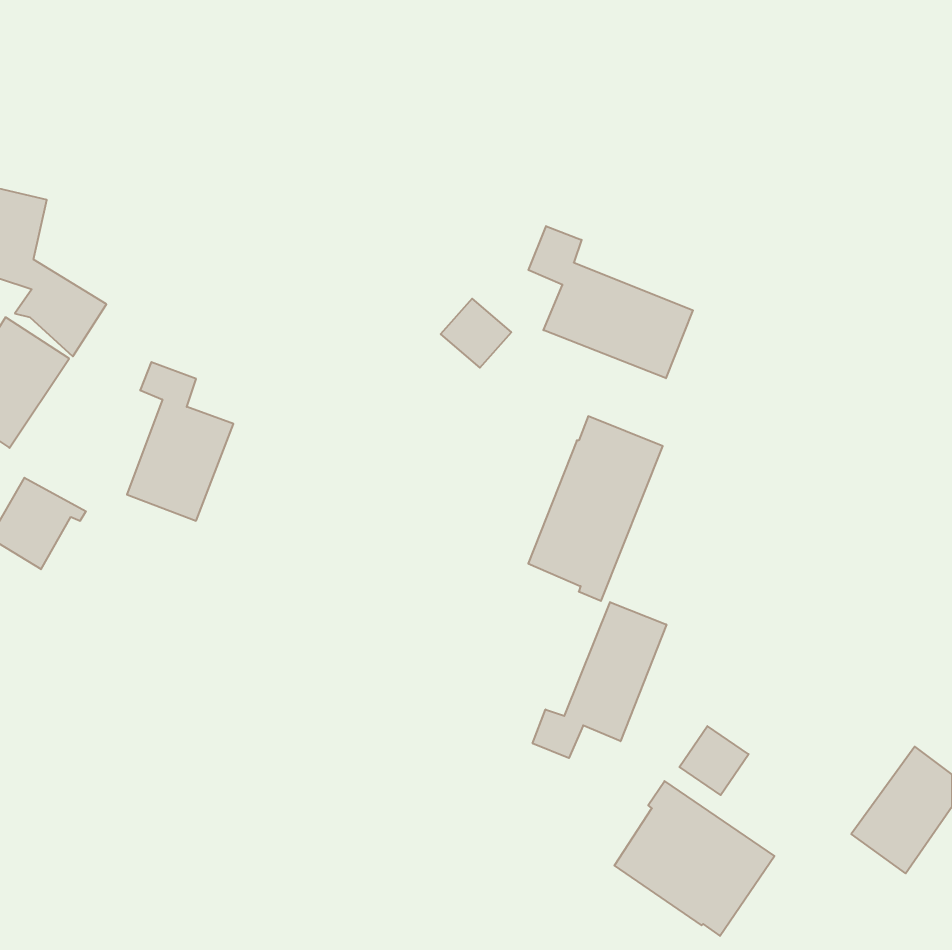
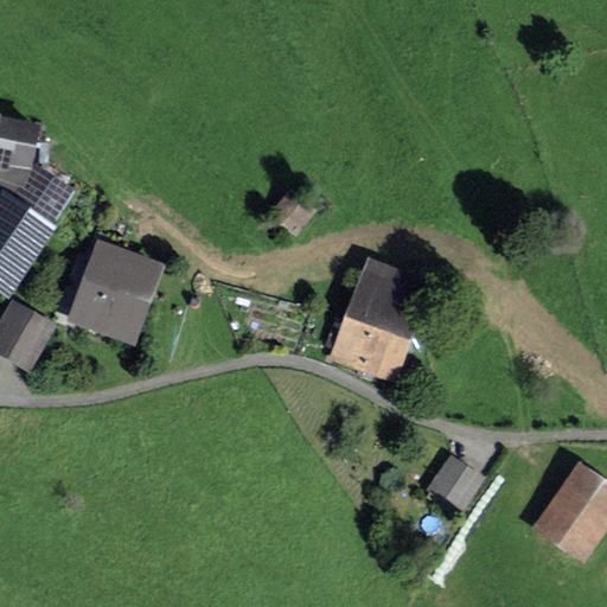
building: [528,226,693,378] -> none
building: [533,602,666,758] -> none
building: [614,781,774,936] -> none

